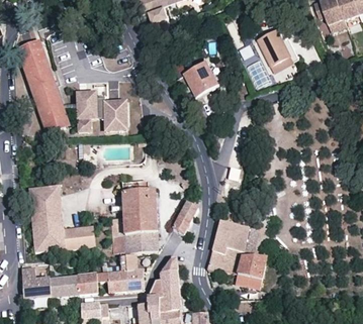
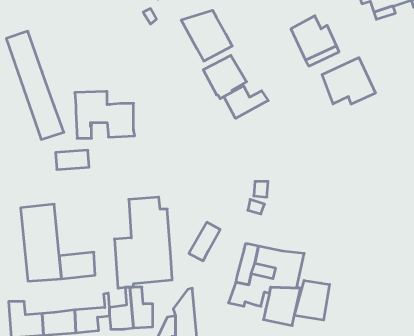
building: none -> [181,10,232,61]
building: none -> [322,58,375,104]
building: none -> [224,86,268,118]
building: none -> [294,280,330,320]

